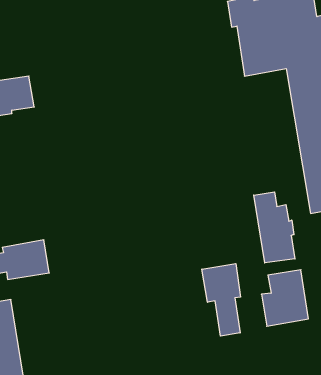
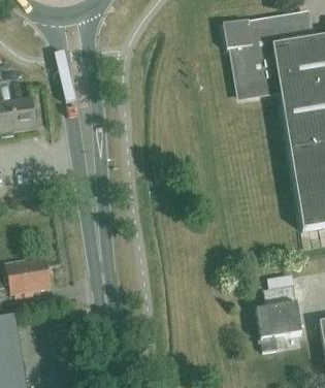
building: [254,192,295,263] -> none
building: [202,264,240,336] -> none

